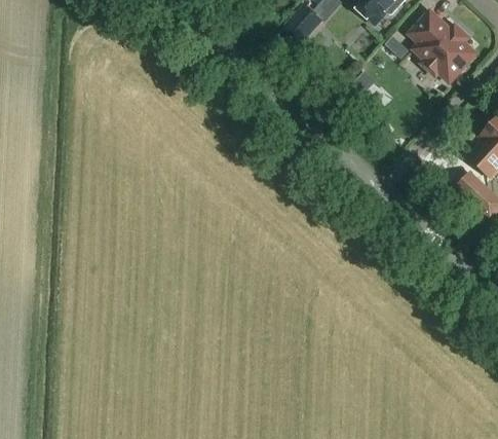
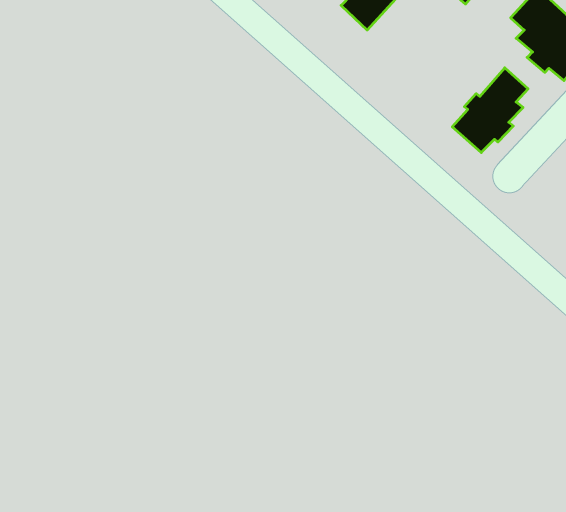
building: none -> [452,68,528,153]

